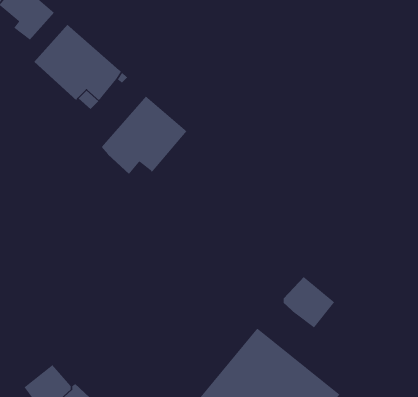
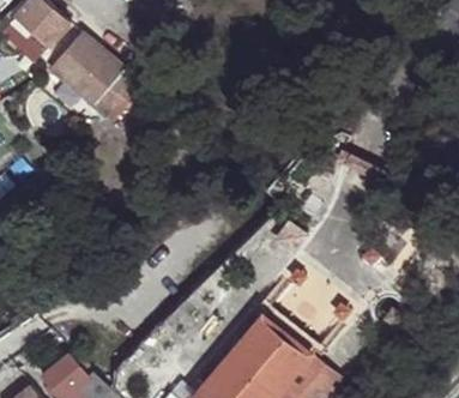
building: [101,95,187,175] -> none
building: [283,276,335,329] -> none

